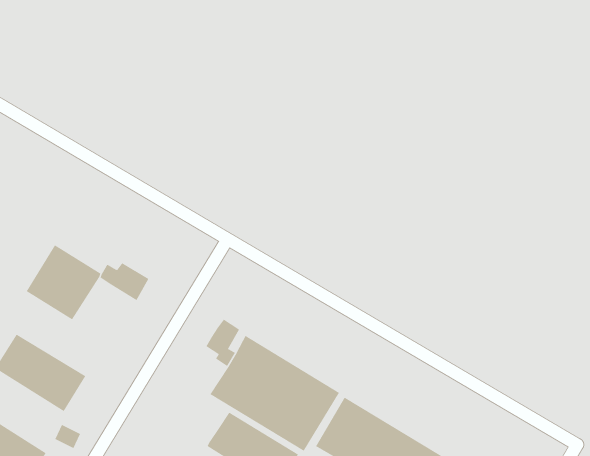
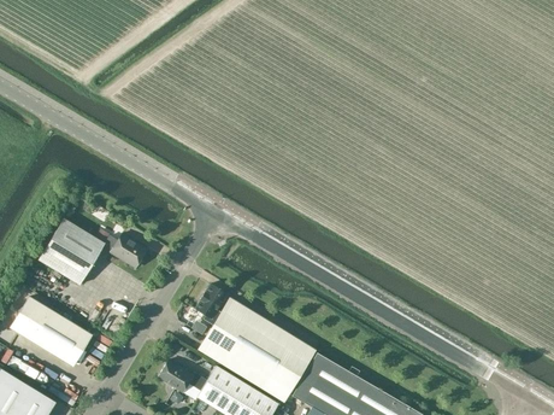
building: none -> [158,360,207,392]

